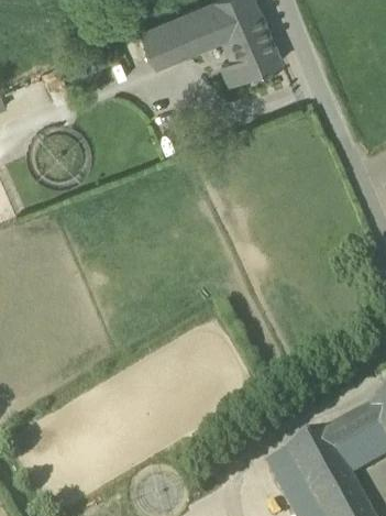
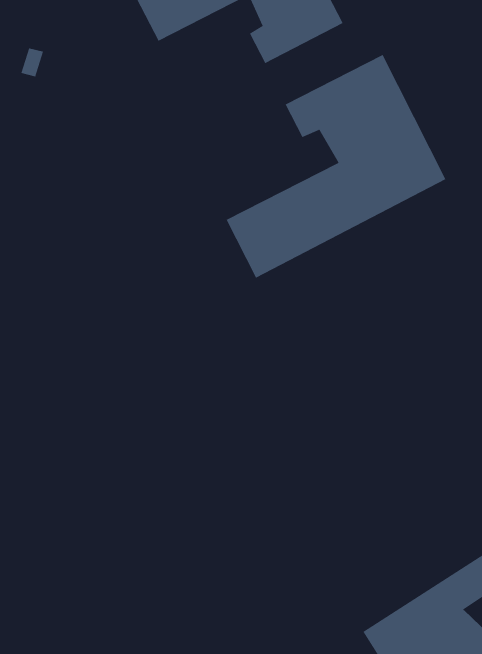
building: none -> [226,54,446,278]

